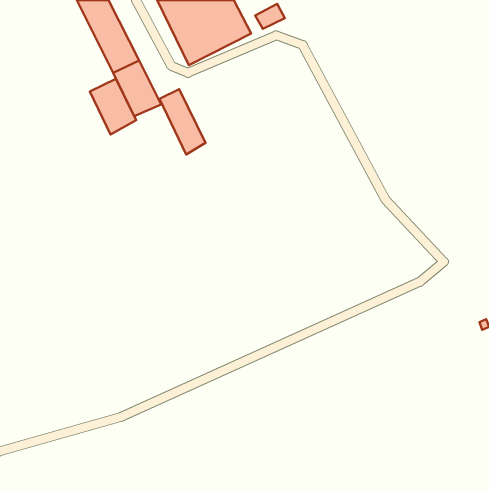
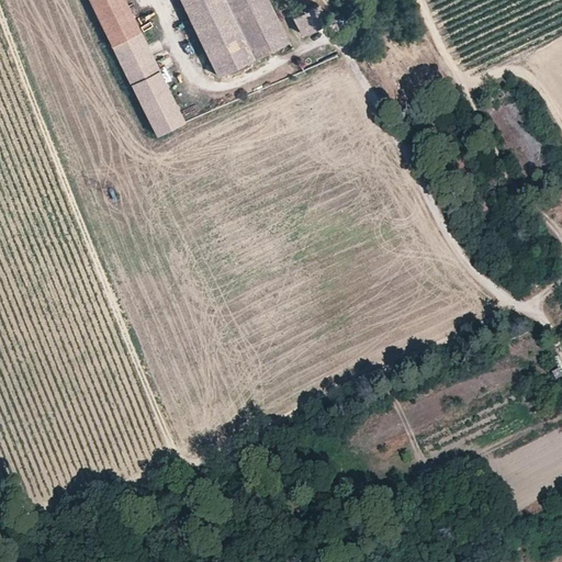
building: [90,79,136,134] -> none
building: [159,89,205,154] -> none

